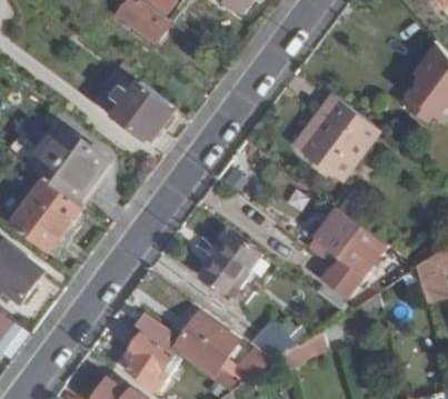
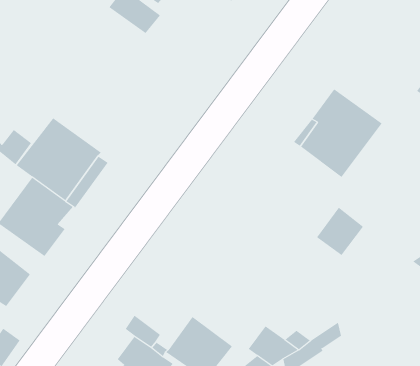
building: [102,81,168,139] -> none
building: [322,226,385,292] -> none
building: [199,231,258,291] -> none

